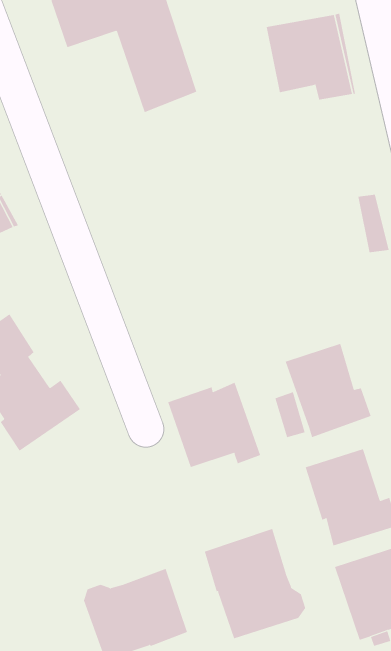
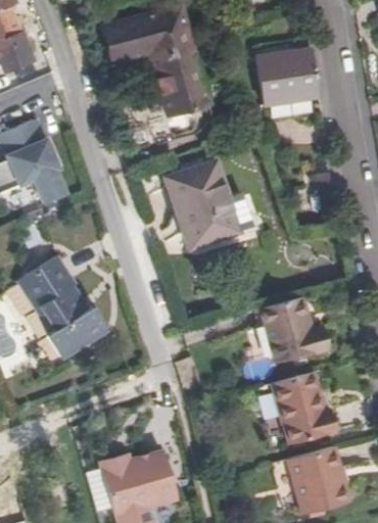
building: none -> [164,161,251,245]
building: [168,382,261,468] -> none
building: [204,528,306,639] -> none

